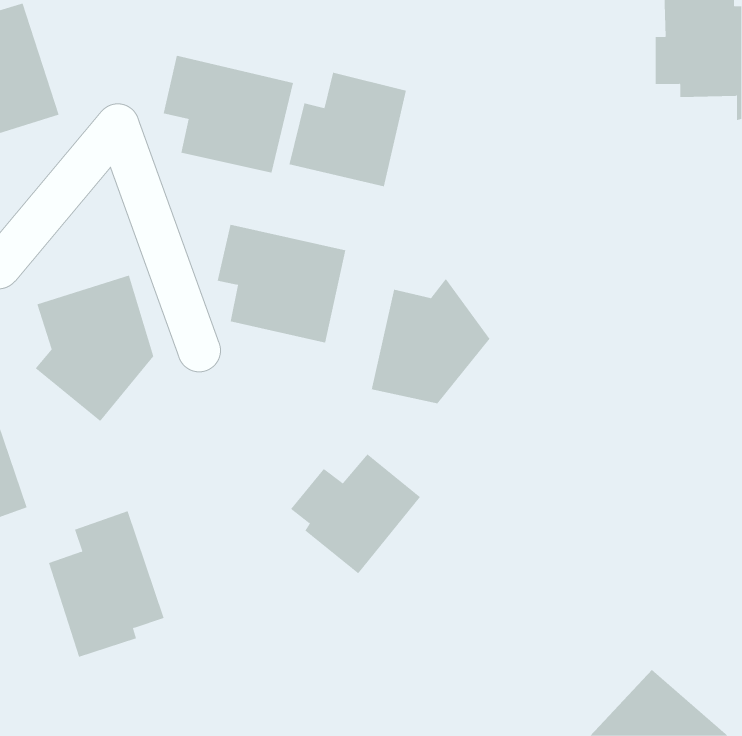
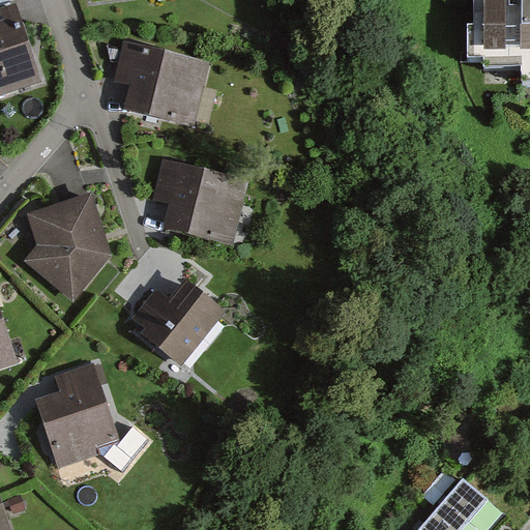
building: [289,72,406,187] -> none
building: [371,278,490,404] -> none
building: [290,454,421,574] -> [130,279,224,365]

